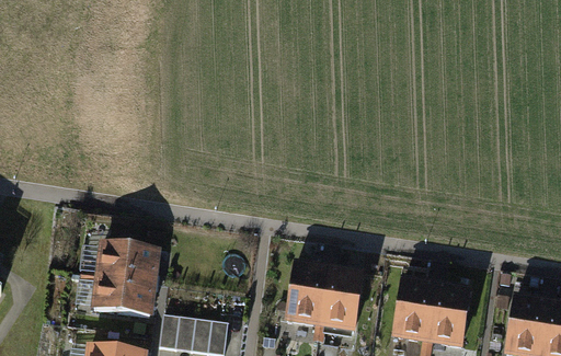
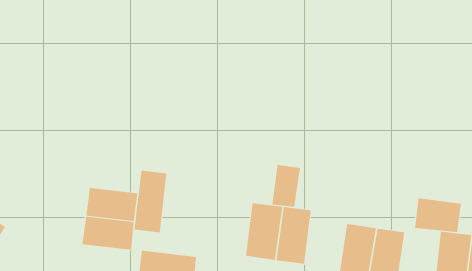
building: none -> [272,164,300,208]
building: none -> [134,170,167,233]
building: none -> [415,197,462,233]

